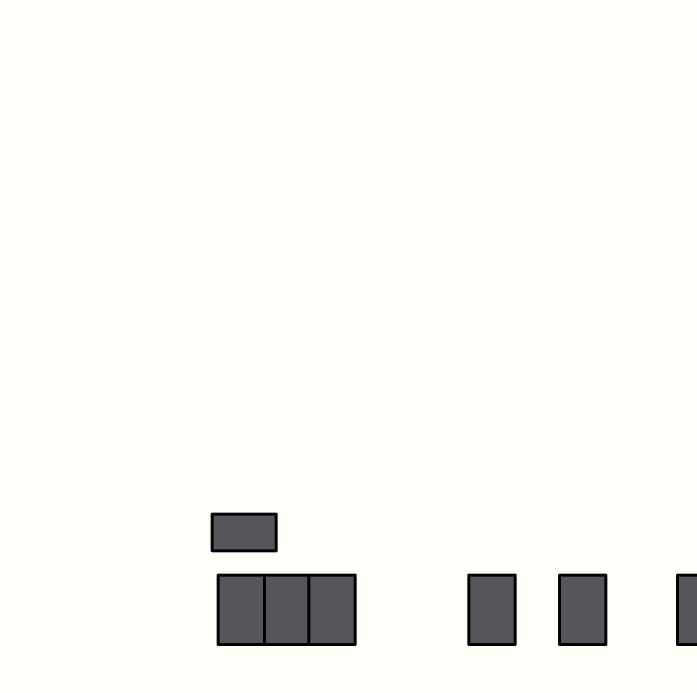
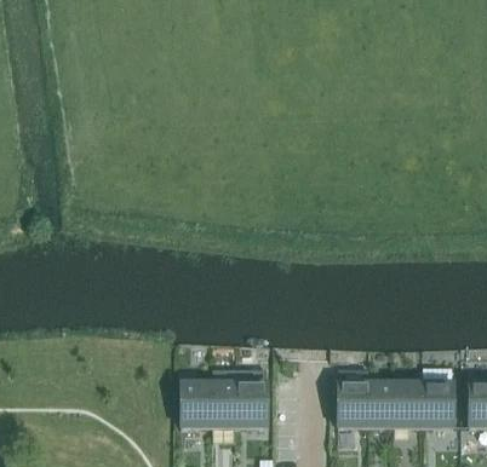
building: [212,514,276,551] -> none
building: none -> [367,385,395,428]
building: none -> [424,385,453,428]

